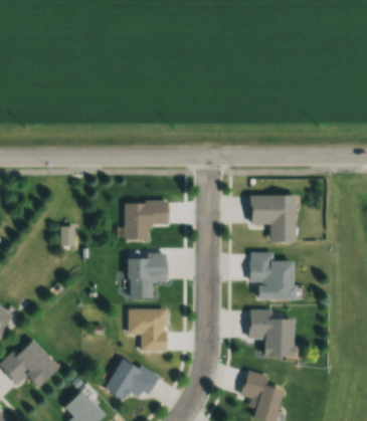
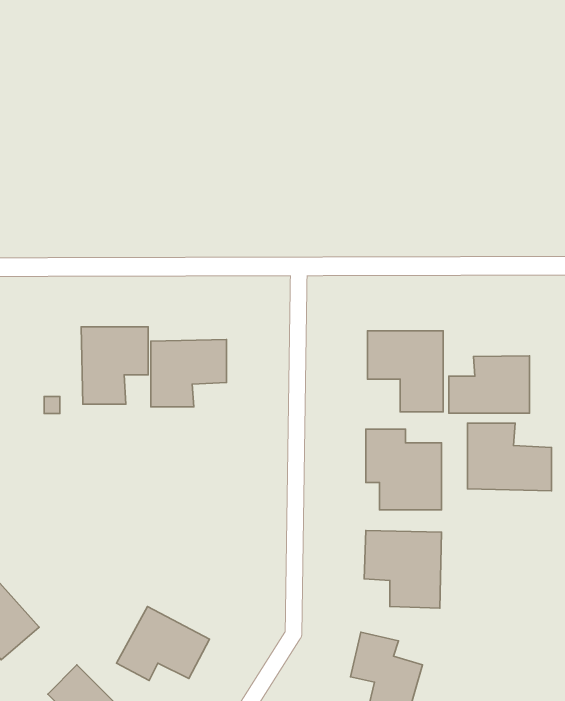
building: none -> [449,356,530,413]
building: none -> [468,423,552,491]
building: [128,252,167,297] -> [81,327,148,404]
building: [129,308,168,351] -> none

